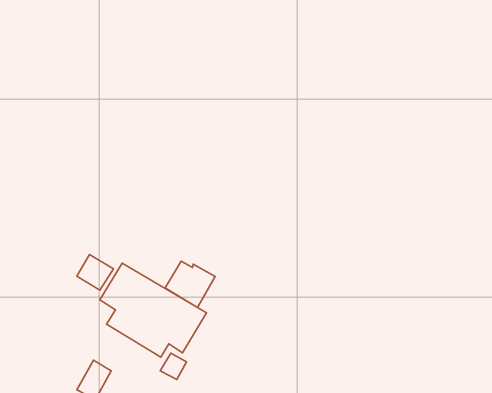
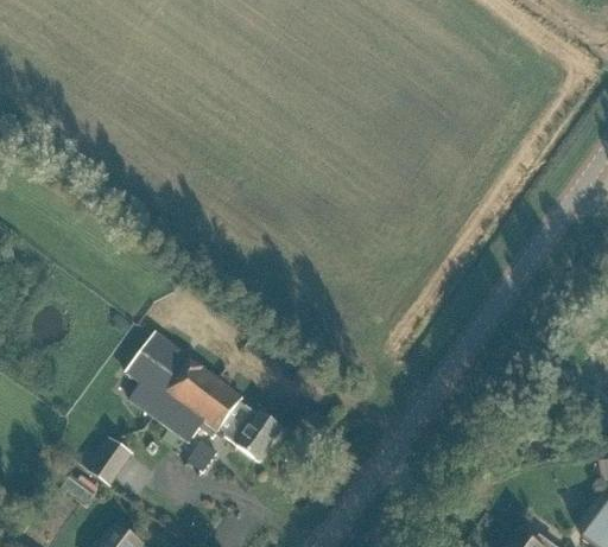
building: [77,254,113,290] -> none
building: [165,261,215,308] -> [224,408,283,463]

